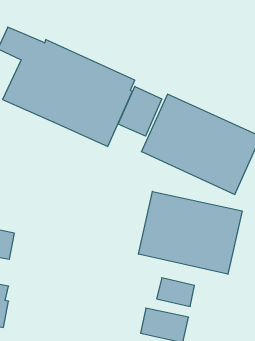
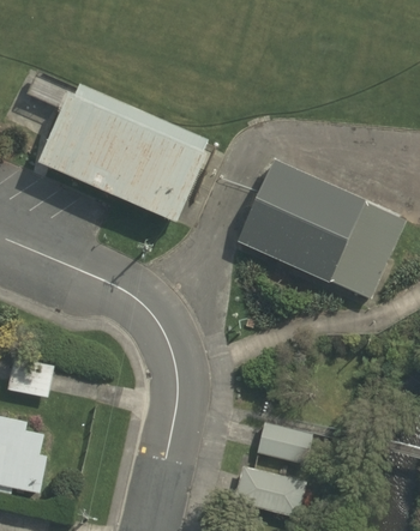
building: [118,86,162,136] -> none
building: [139,191,242,274] -> none

